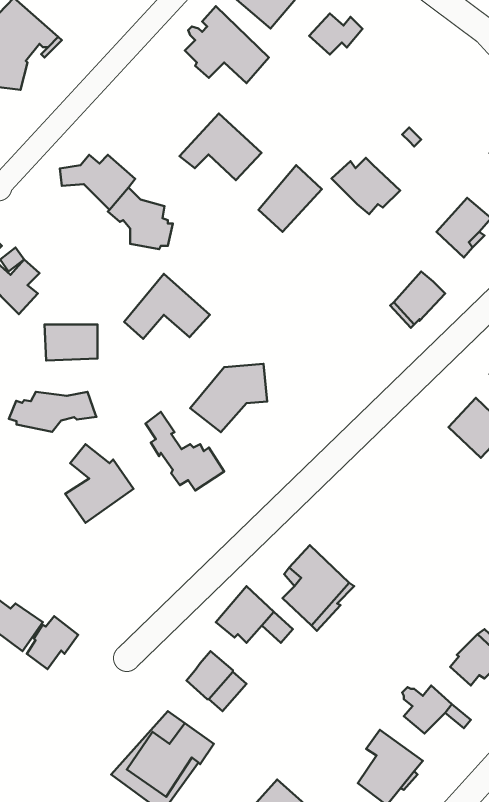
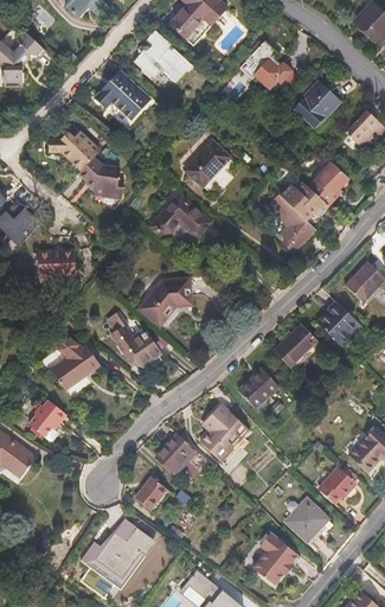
building: [309,13,362,55] -> [254,59,290,88]
building: none -> [294,81,339,127]
building: [179,114,262,180] -> [91,71,148,117]
building: [332,158,400,214] -> [280,181,327,221]
building: [124,274,210,339] -> [150,193,210,238]
building: [9,392,96,432] -> none
building: none -> [272,322,317,366]
building: none -> [237,368,277,407]
building: [27,616,78,669] -> [30,401,65,437]

